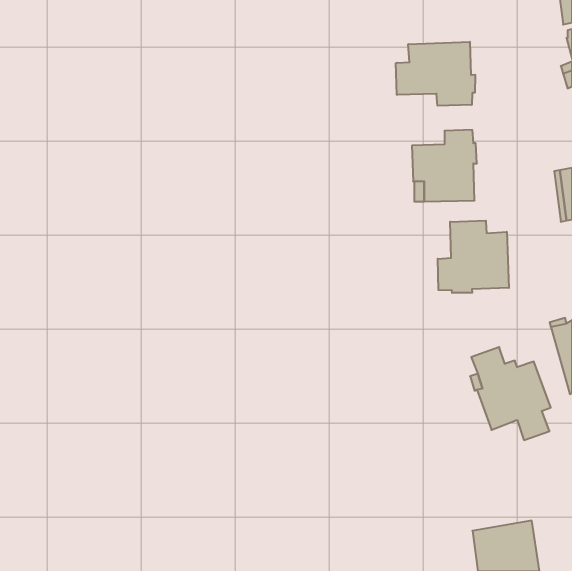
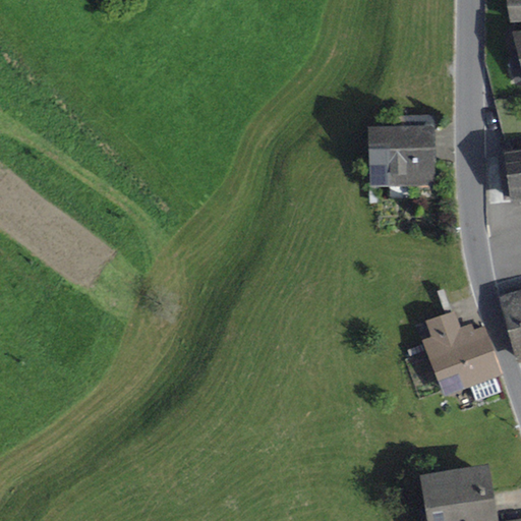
building: [396,42,475,106] -> none
building: [438,221,509,293] -> none

